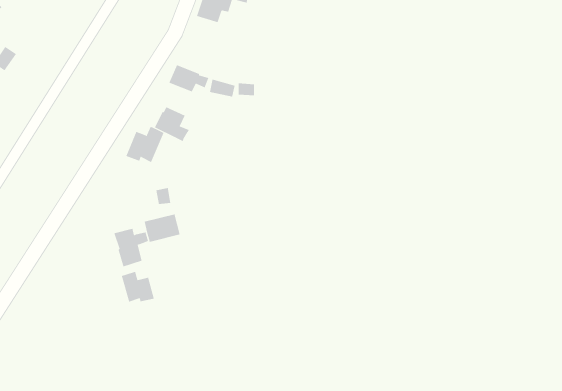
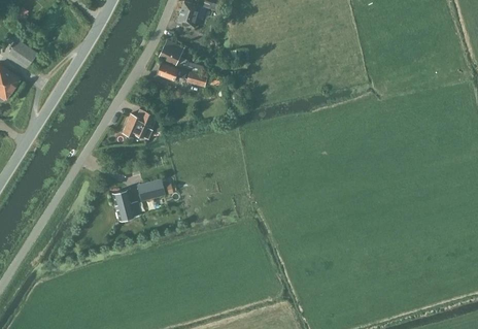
building: [154,106,190,142] -> [160,40,187,68]
building: [121,270,154,302] -> none

